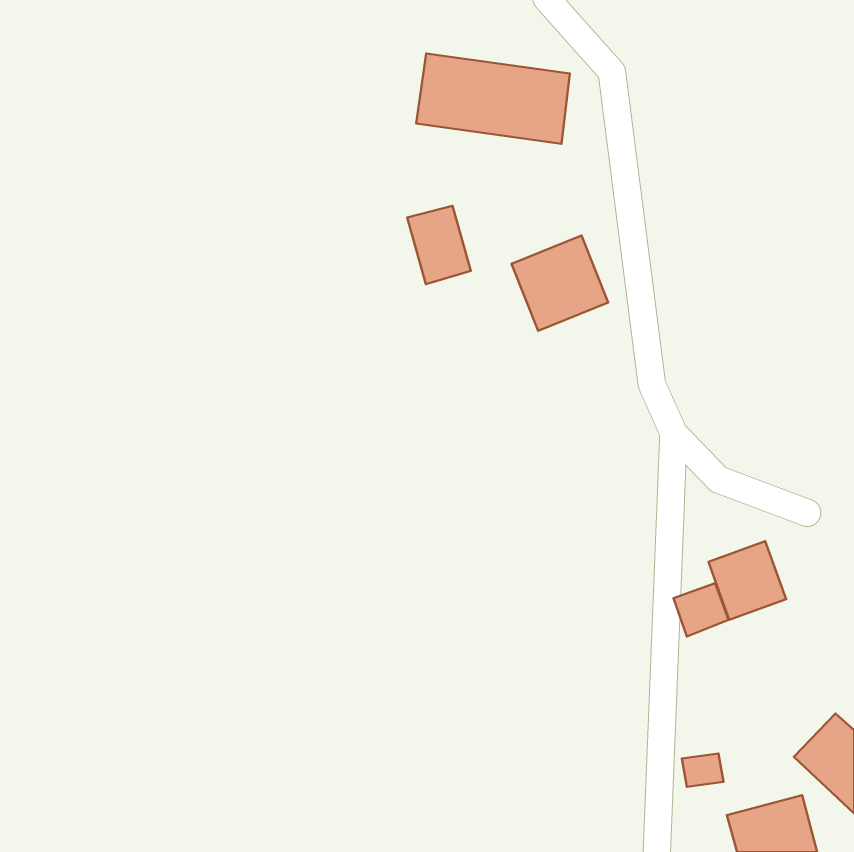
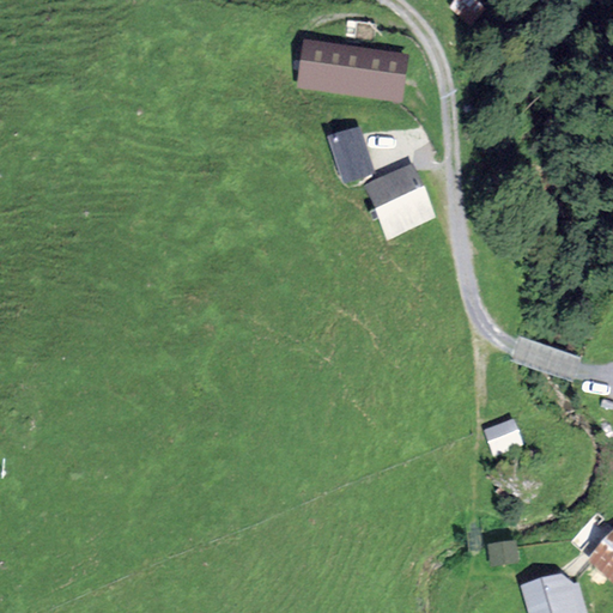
building: [407,206,471,284] -> [329,127,375,183]
building: [708,541,786,620] -> none

